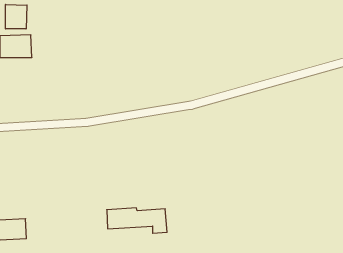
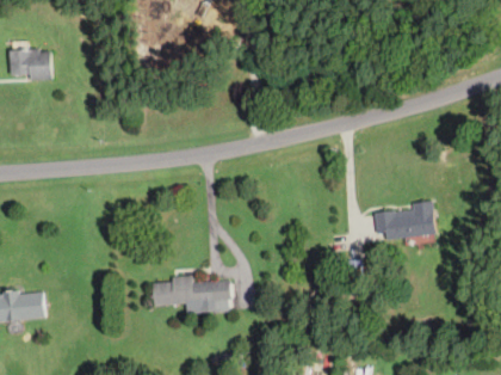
building: [6,4,27,29] -> none
building: none -> [375,202,434,240]

